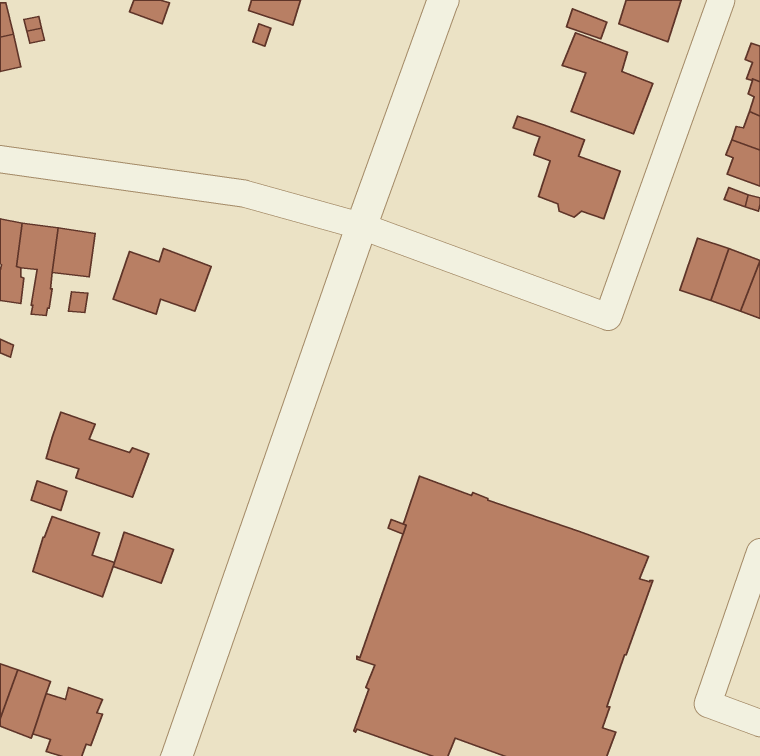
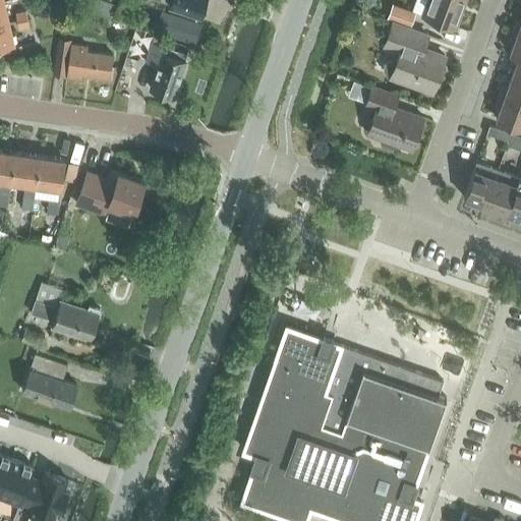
building: none -> [147,40,188,100]
building: none -> [55,41,113,81]
building: [113,532,173,583] -> none

